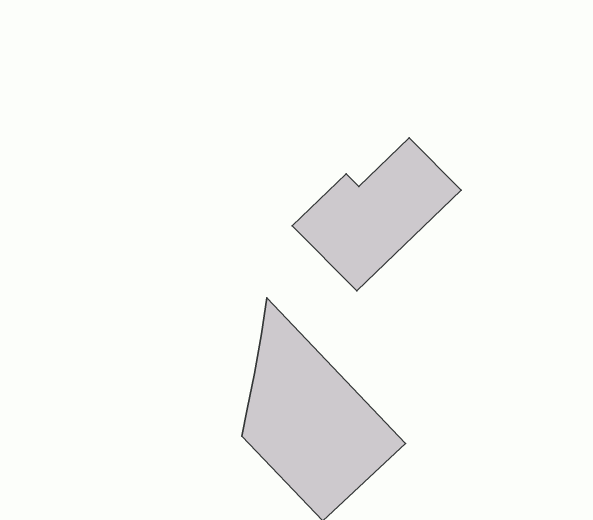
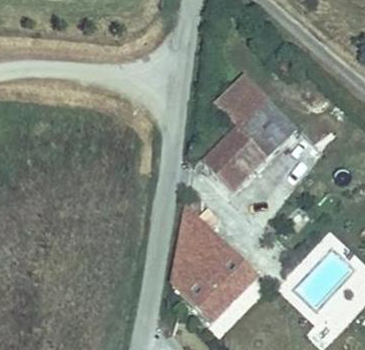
building: none -> [213,85,262,134]

